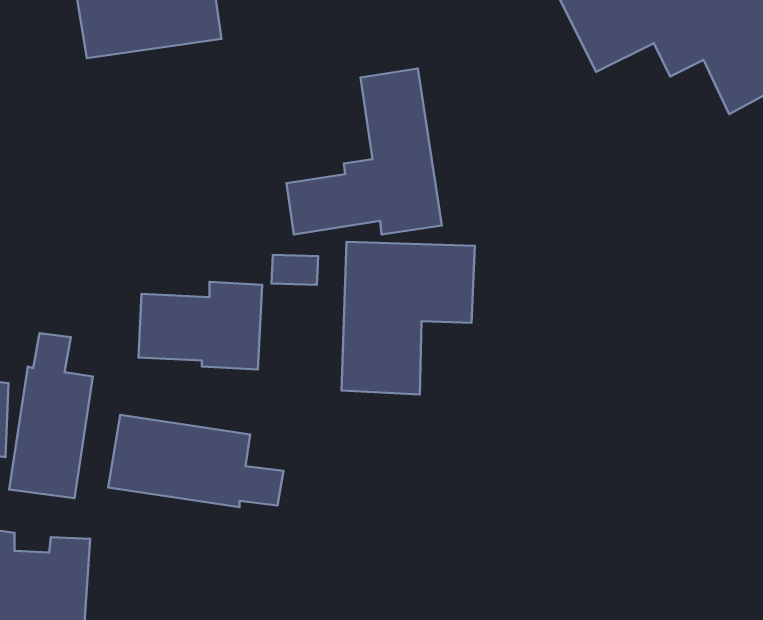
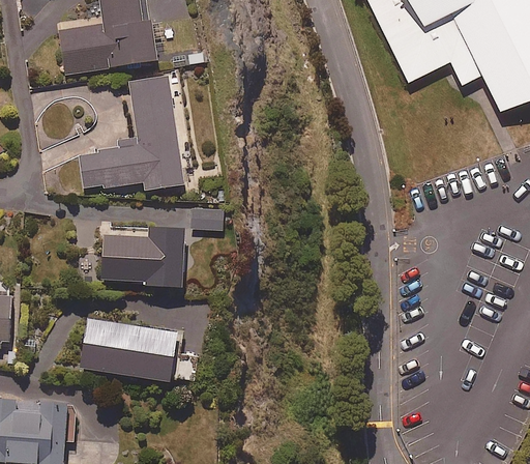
building: [286,68,442,235] -> [79,76,185,190]
building: [342,242,475,394] -> none
building: [9,333,93,498] -> none

